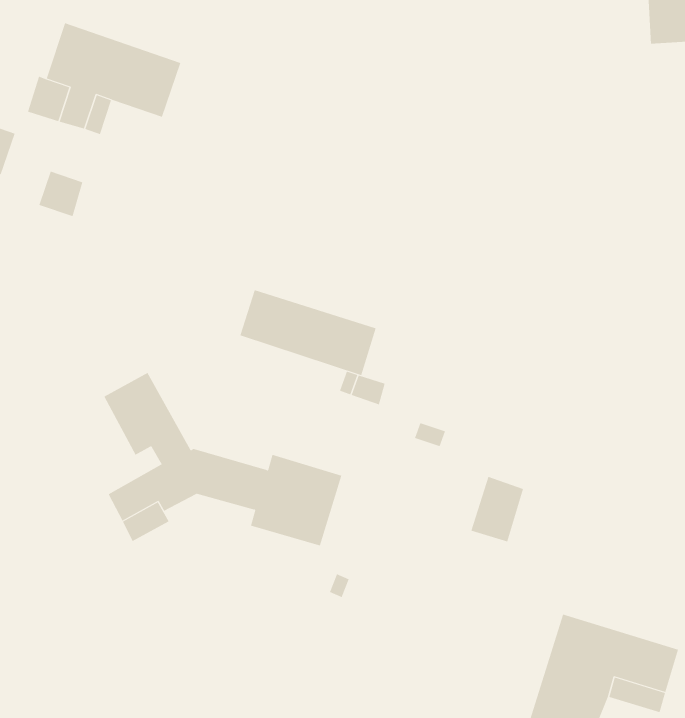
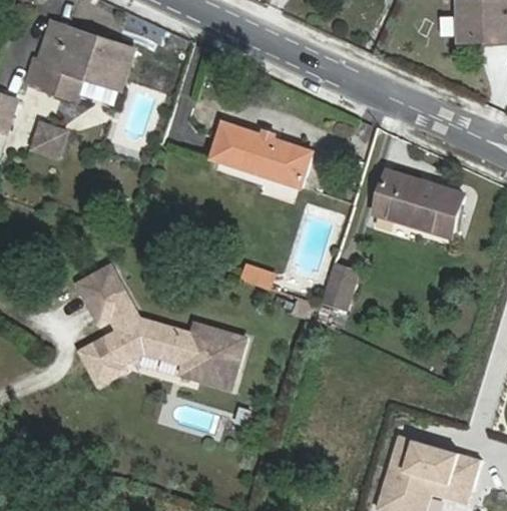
building: none -> [374,170,464,236]
building: [240,289,376,376] -> [213,126,309,186]
building: [470,476,524,542] -> [321,264,358,310]

